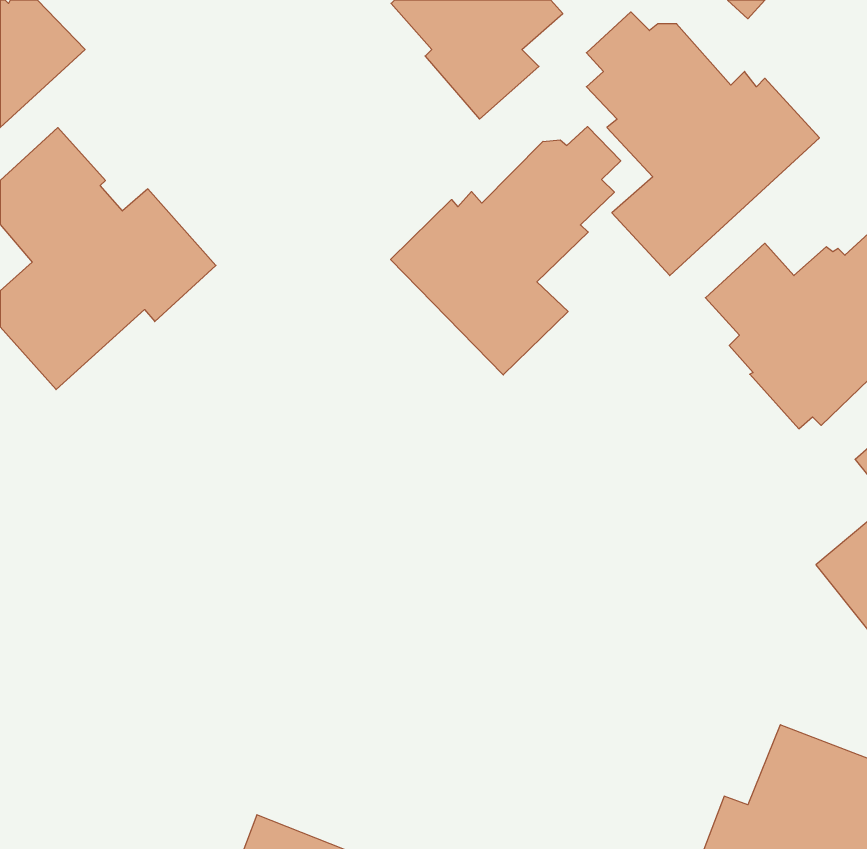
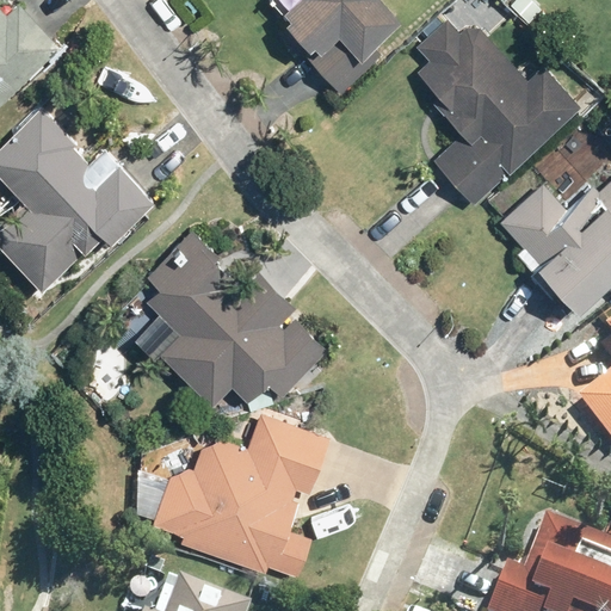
building: [391,127,621,375] -> none
building: none -> [149,230,329,405]
building: none -> [154,415,331,578]

